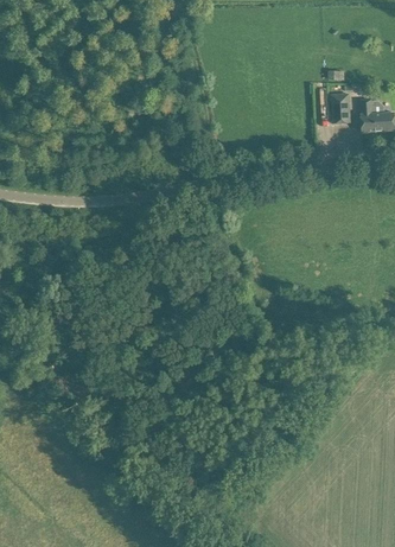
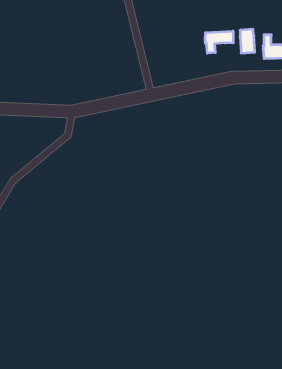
building: none -> [205,31,233,53]

